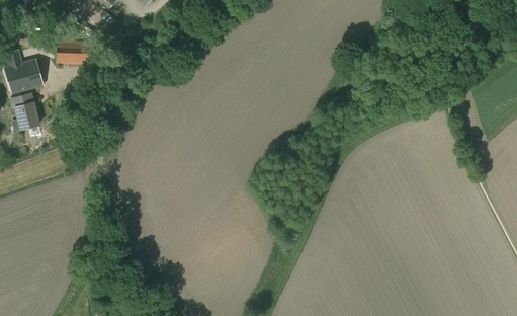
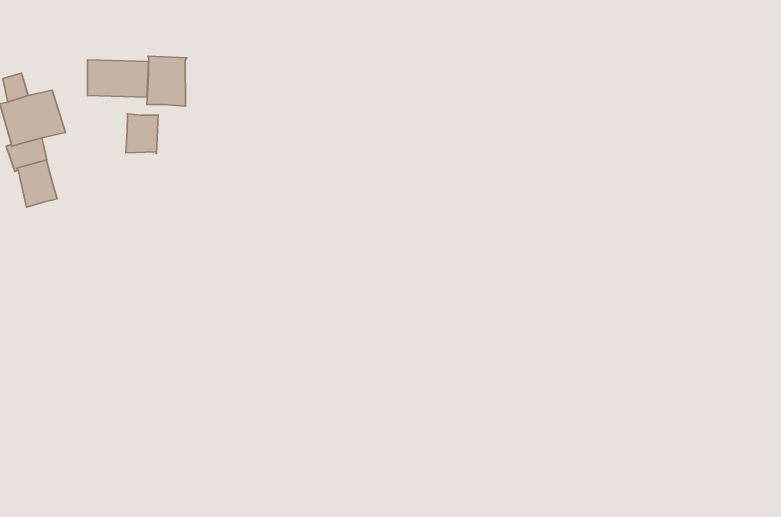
building: none -> [147,56,187,106]
building: none -> [126,114,158,154]

